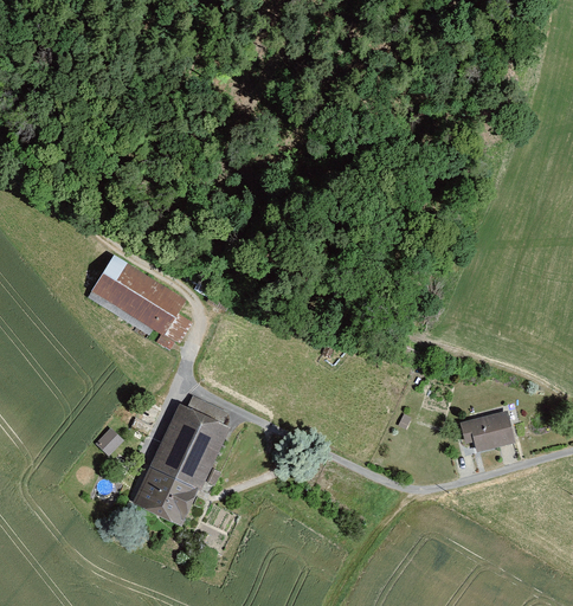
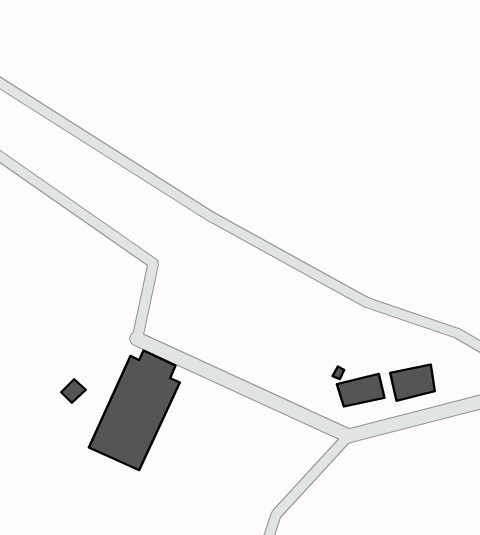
building: [85,256,191,349] -> none
building: none -> [337,374,384,407]

